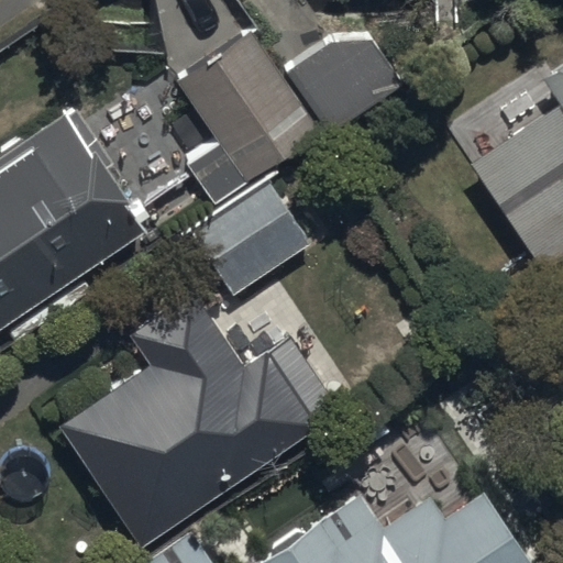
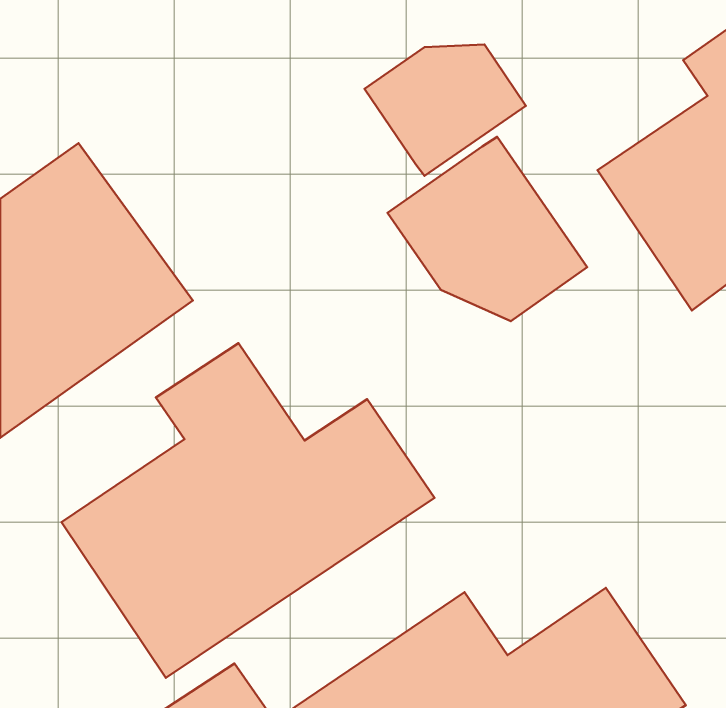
building: [183,45,316,188] -> none
building: none -> [388,137,587,321]
building: [194,197,313,313] -> none

